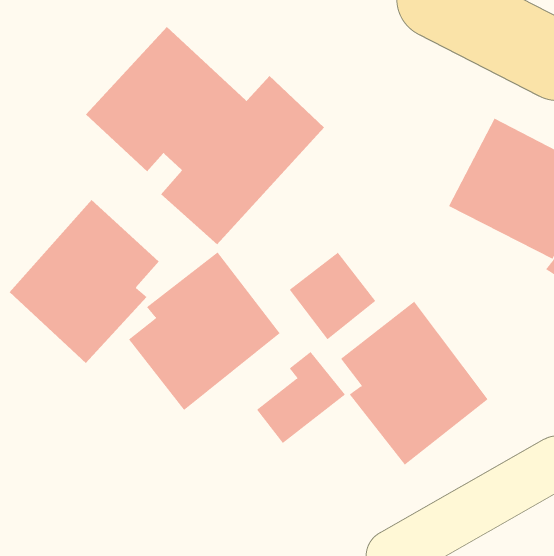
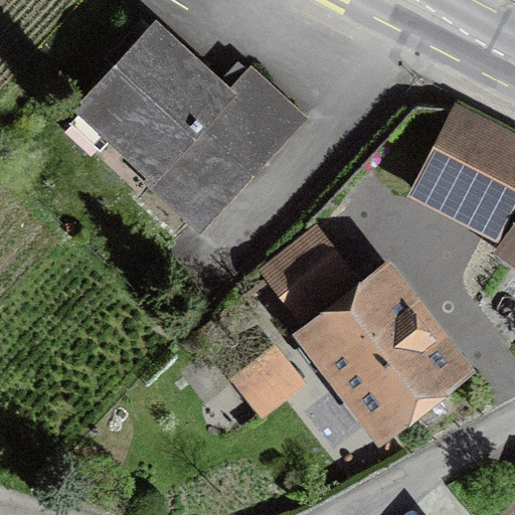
building: [9,199,160,364] -> none
building: [128,251,281,411] -> none

